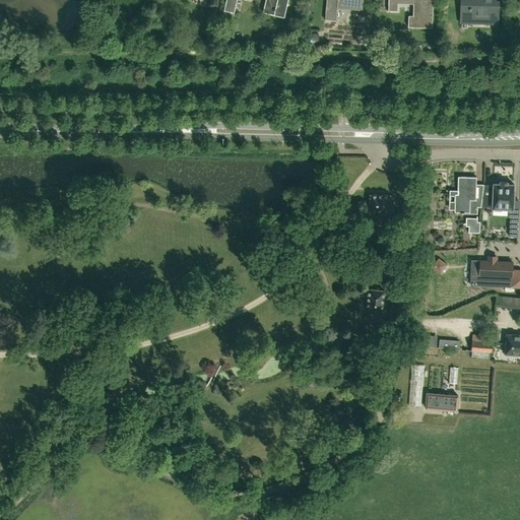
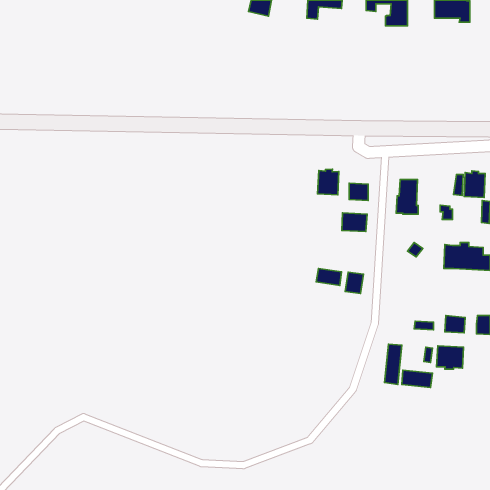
building: [454,177,477,213] -> [396,180,418,214]
building: none -> [318,169,339,195]
building: none -> [342,213,367,232]
building: none -> [316,268,342,285]
building: none -> [437,346,464,369]

